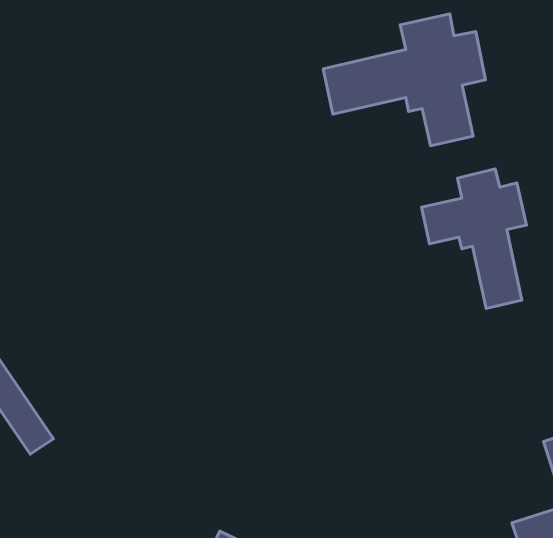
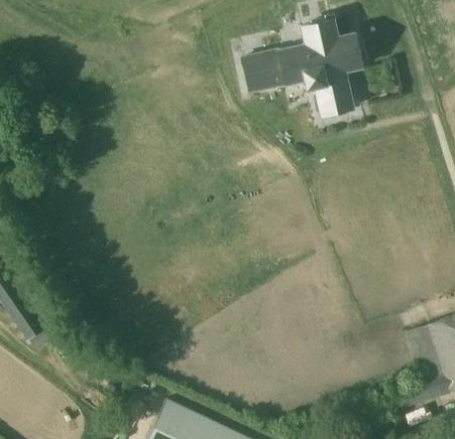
building: [422,169,526,309] -> none

